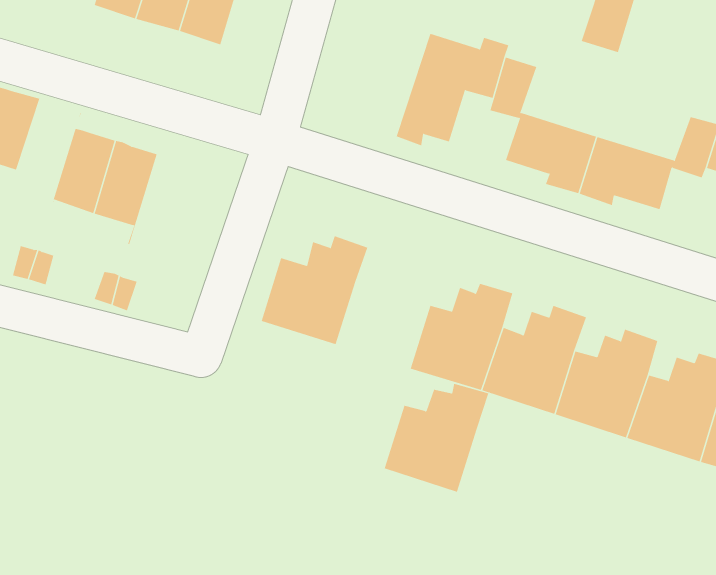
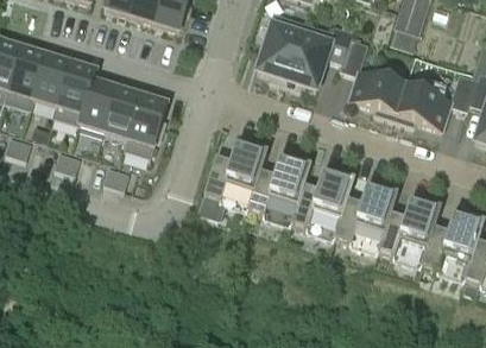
building: none -> [255,13,303,84]
building: none -> [52,62,94,124]
building: none -> [124,95,166,157]
building: [384,383,489,492] -> [247,158,310,223]

